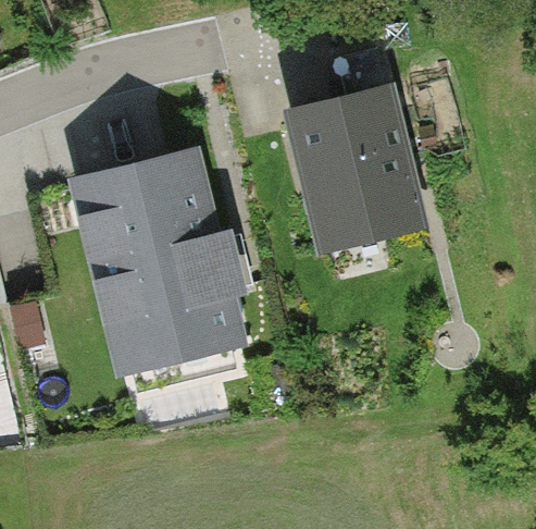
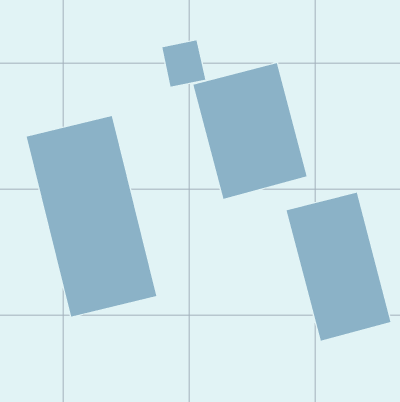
building: none -> [286,192,391,342]

